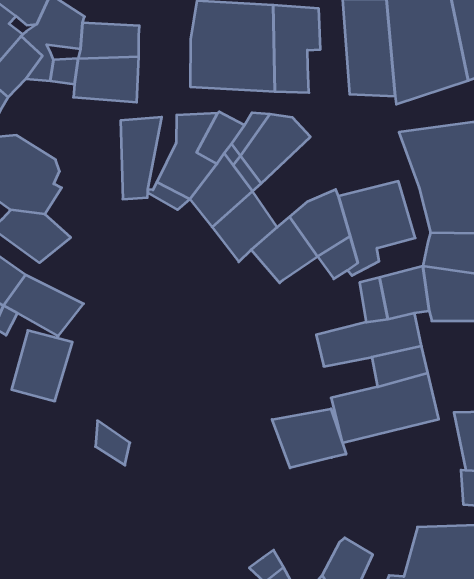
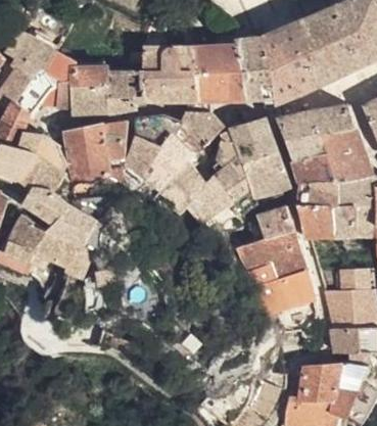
building: none -> [215,46,243,100]
building: none -> [108,73,143,114]
building: none -> [66,127,106,179]
building: none -> [216,117,278,169]
building: none -> [49,202,101,243]
building: [272,409,346,468] -> none

